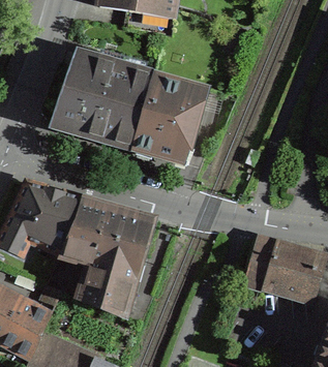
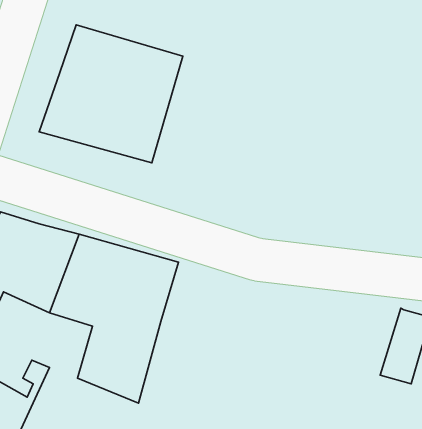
building: [131,74,208,163] -> none
building: [244,239,305,297] -> none

